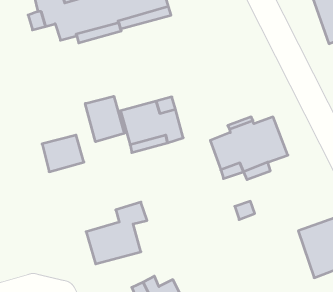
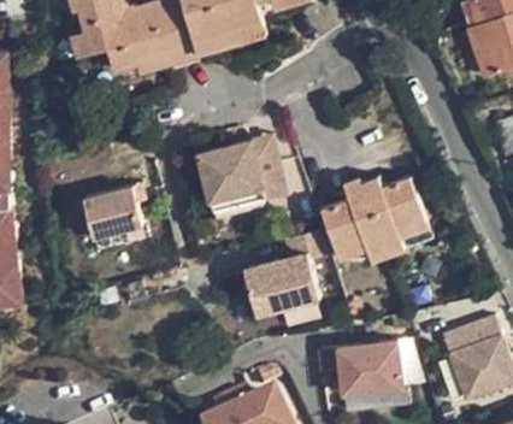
building: [85,96,124,142] -> none
building: [86,202,147,264] -> [242,226,326,312]
building: none -> [322,344,405,398]

